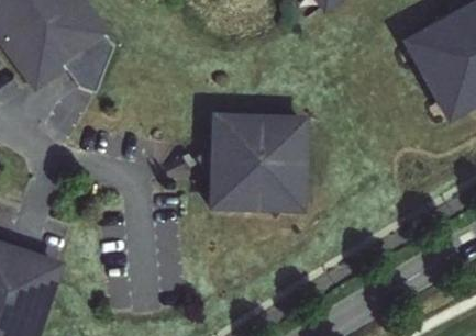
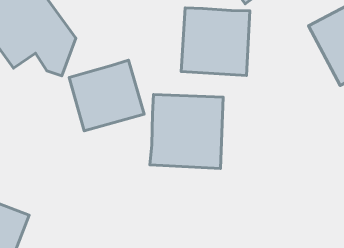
building: none -> [181,8,250,75]
building: none -> [69,60,144,131]

